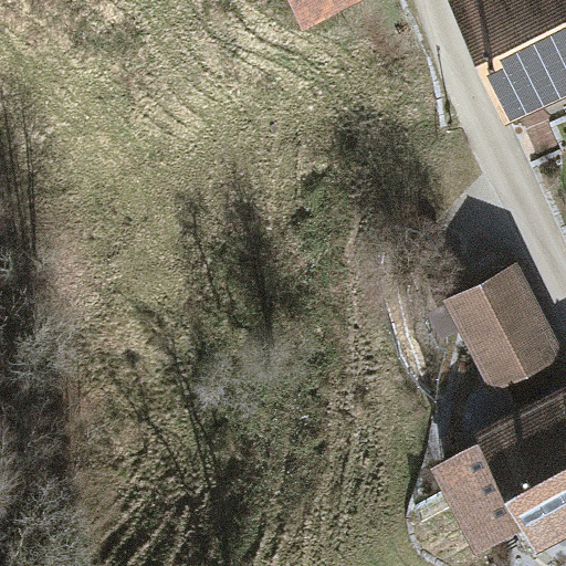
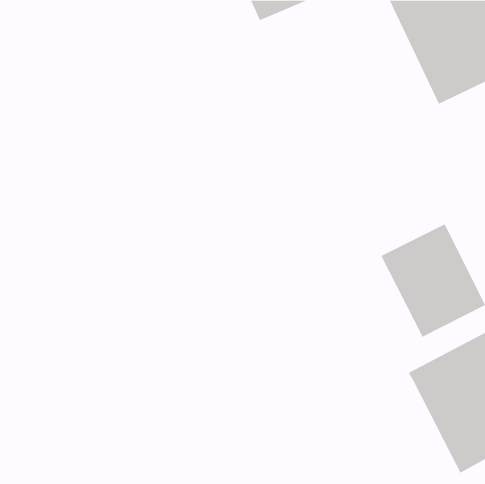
building: [434,446,525,556] -> none

